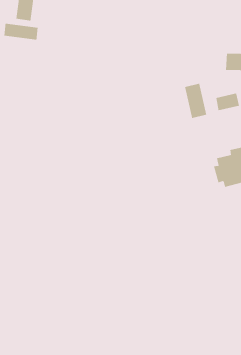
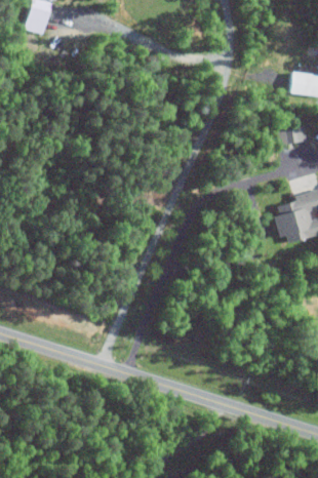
building: [4,23,38,41] -> none
building: [185,83,207,119] -> none

